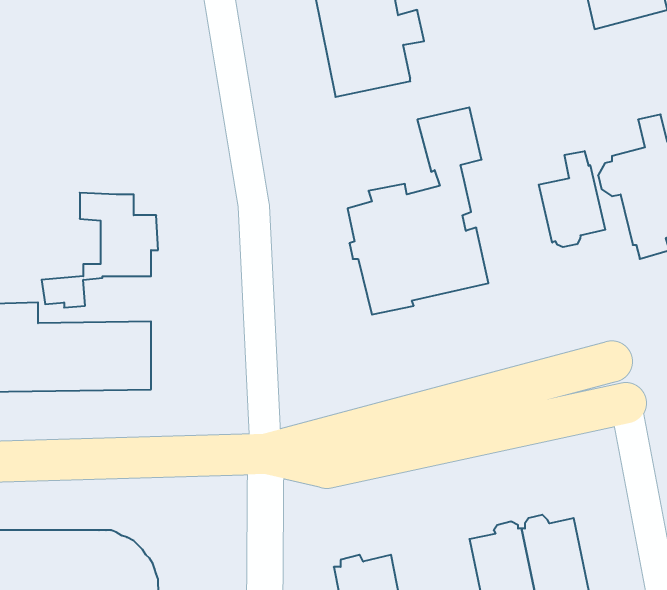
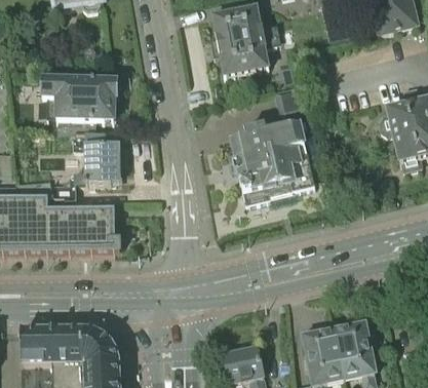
building: none -> [31,77,115,131]
building: [539,151,605,247] -> none

